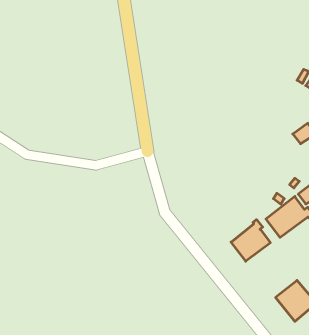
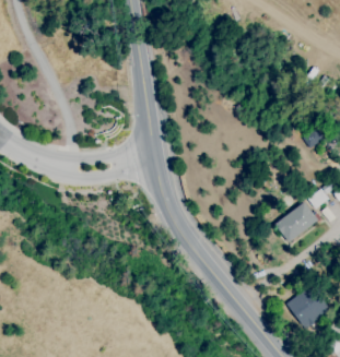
building: [231,220,270,261] -> none

